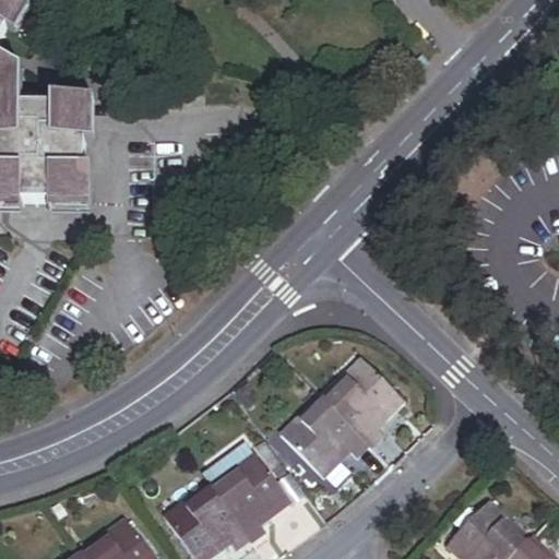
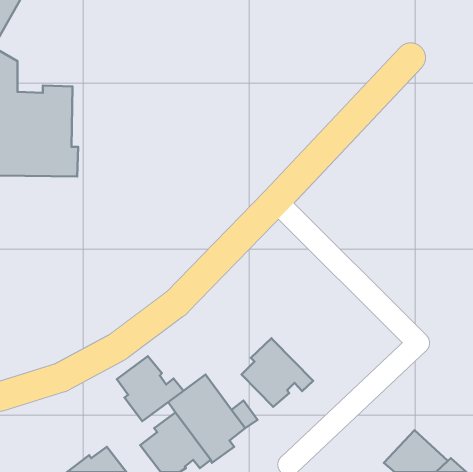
building: [321,365,402,449] -> none
building: none -> [117,356,183,421]

